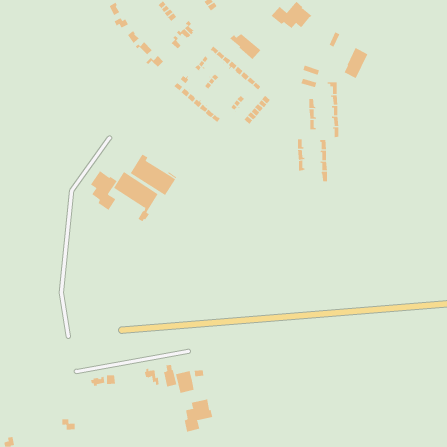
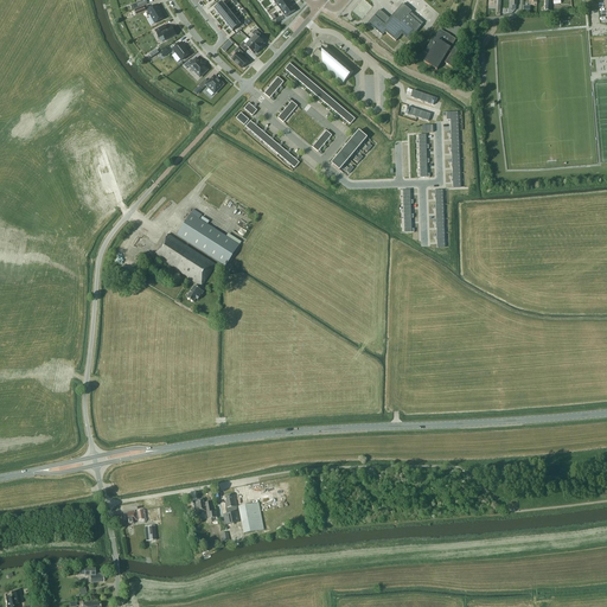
building: [344,47,368,79] -> [421,26,454,69]
building: [90,170,118,211] -> none
building: [184,399,213,432] -> none

